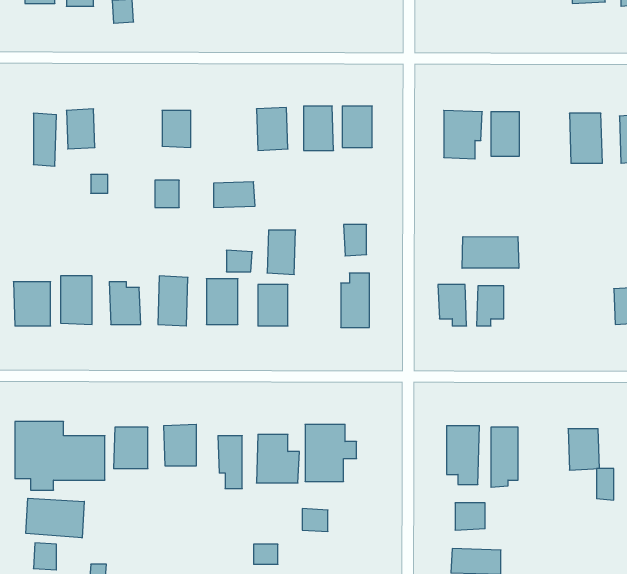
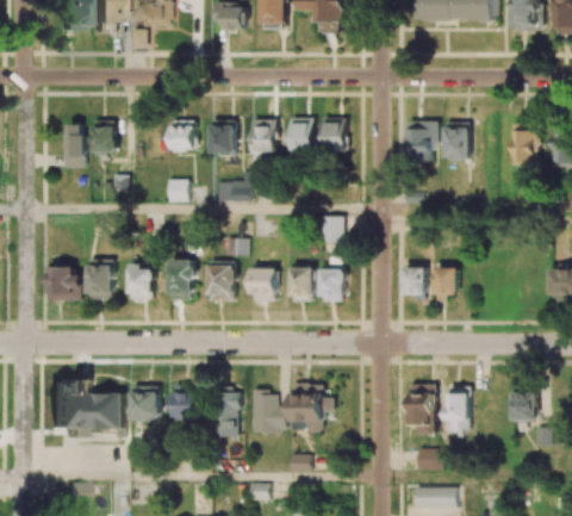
building: none -> [207,120,234,154]
building: [267,230,296,274] -> [290,266,313,303]
building: [462,237,519,268] -> none
building: [26,498,84,538] -> none

